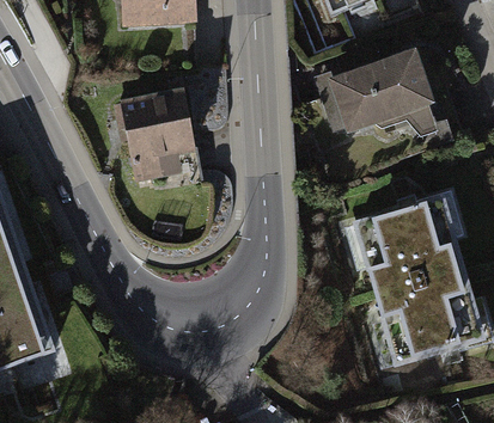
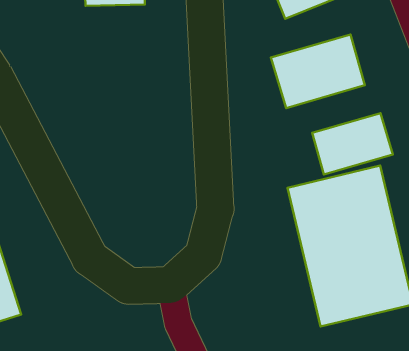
building: [126,94,195,168] -> none
building: none -> [312,113,393,174]

